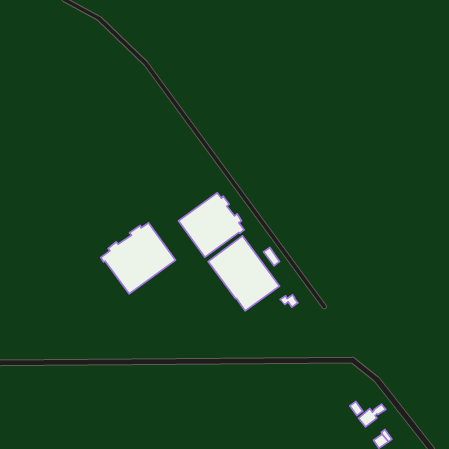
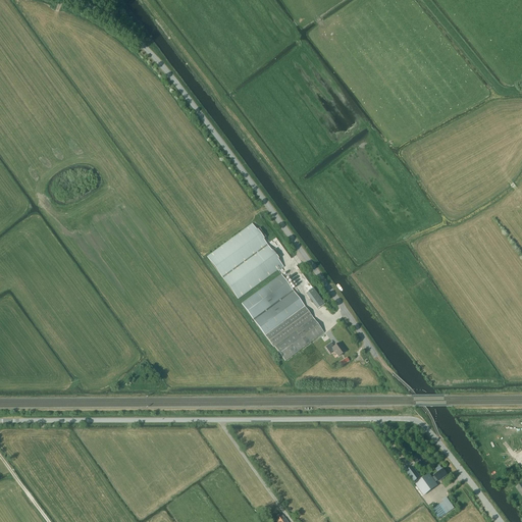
building: [101,223,175,294] -> none

